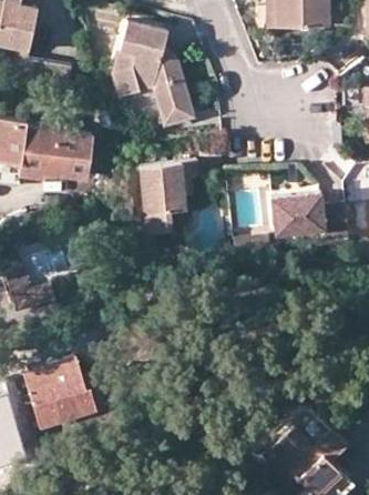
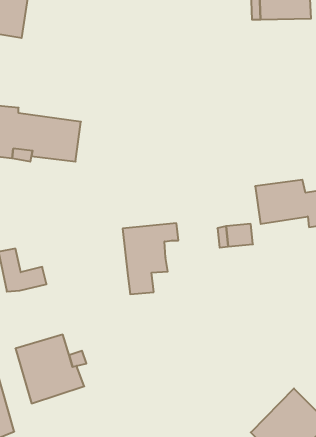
building: [109,19,191,123] -> none
building: [140,162,197,235] -> [123,223,178,294]

